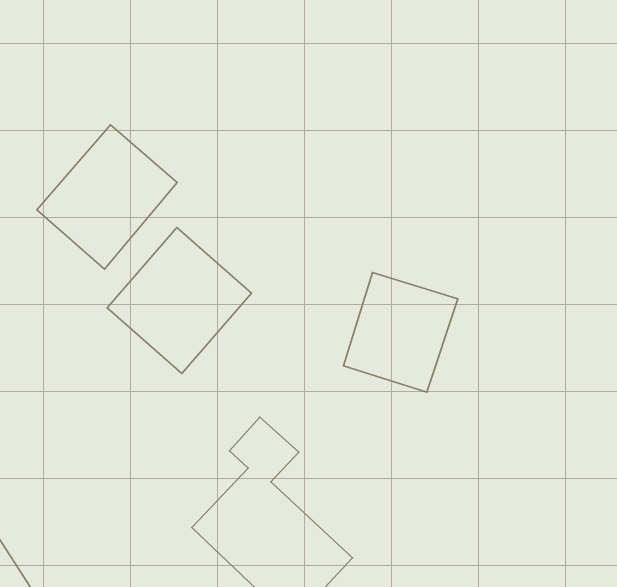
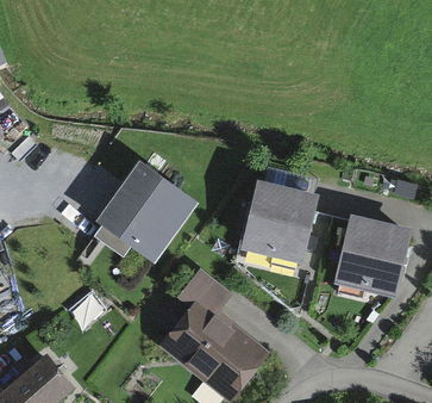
building: [37,125,177,269] -> none
building: none -> [340,217,406,287]

